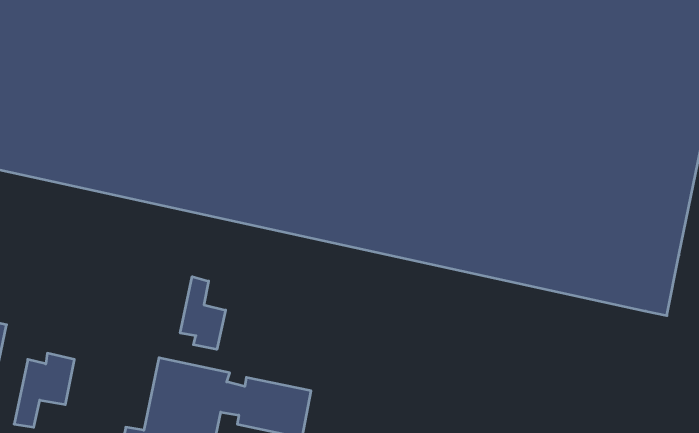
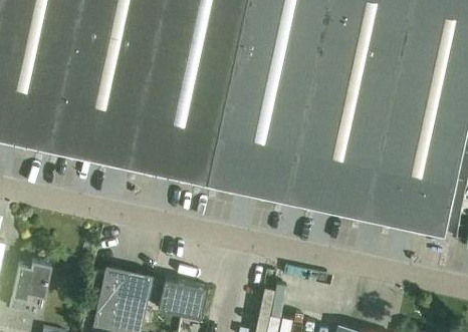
building: [180,277,226,349] -> none

